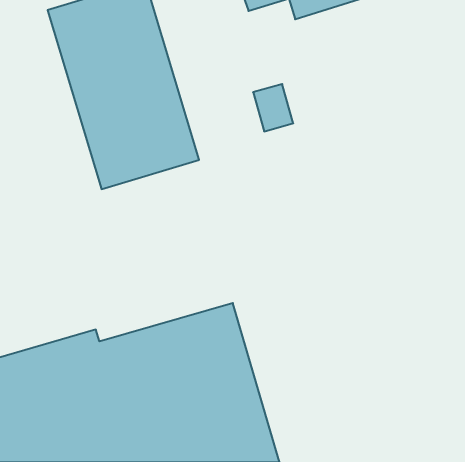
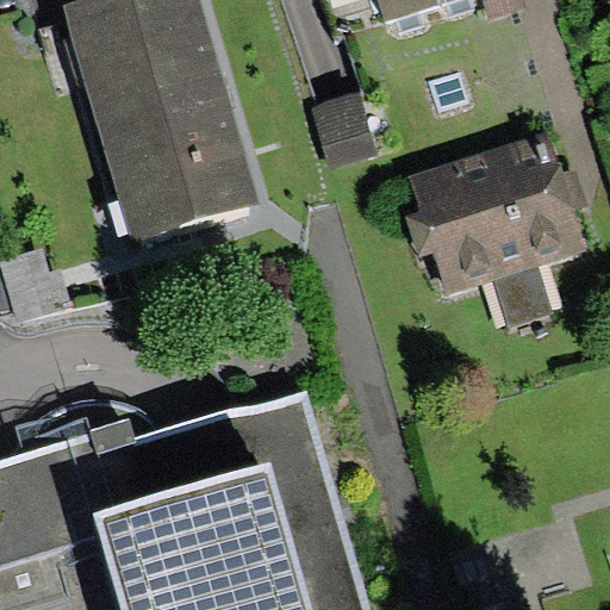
building: none -> [409,131,586,294]

